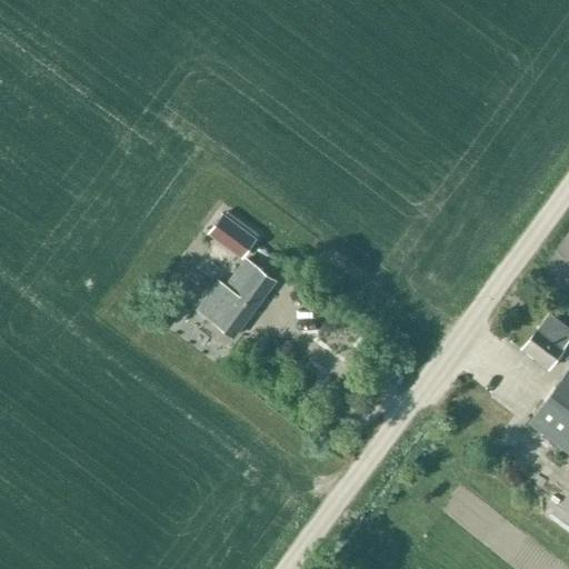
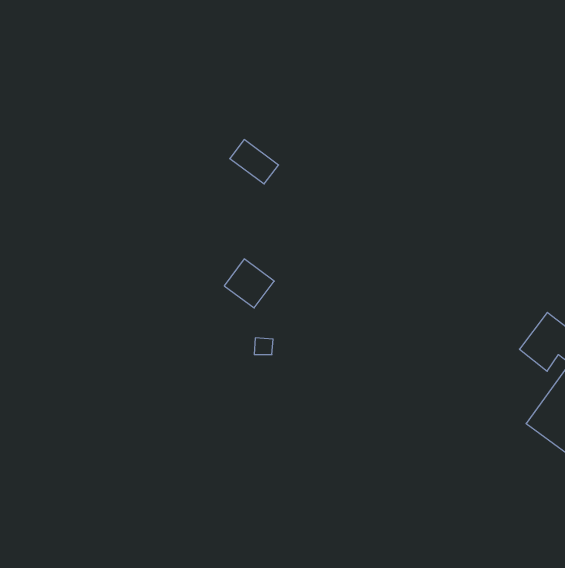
building: [209,214,258,259] -> [230,140,279,184]
building: [199,281,257,336] -> none

